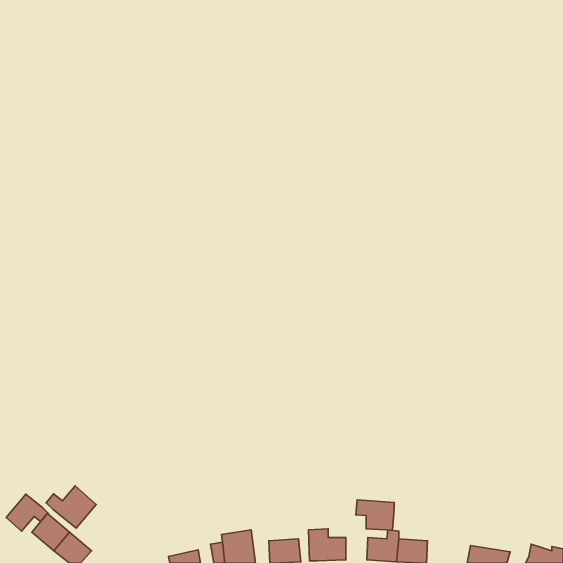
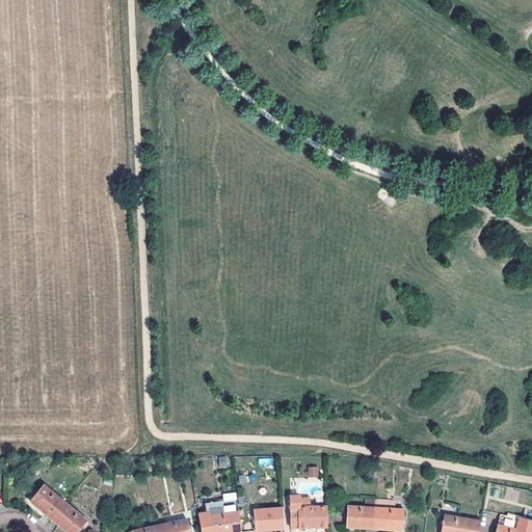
building: [46,486,96,528] -> none
building: [6,494,48,531] -> none
building: [356,500,394,530] -> none

